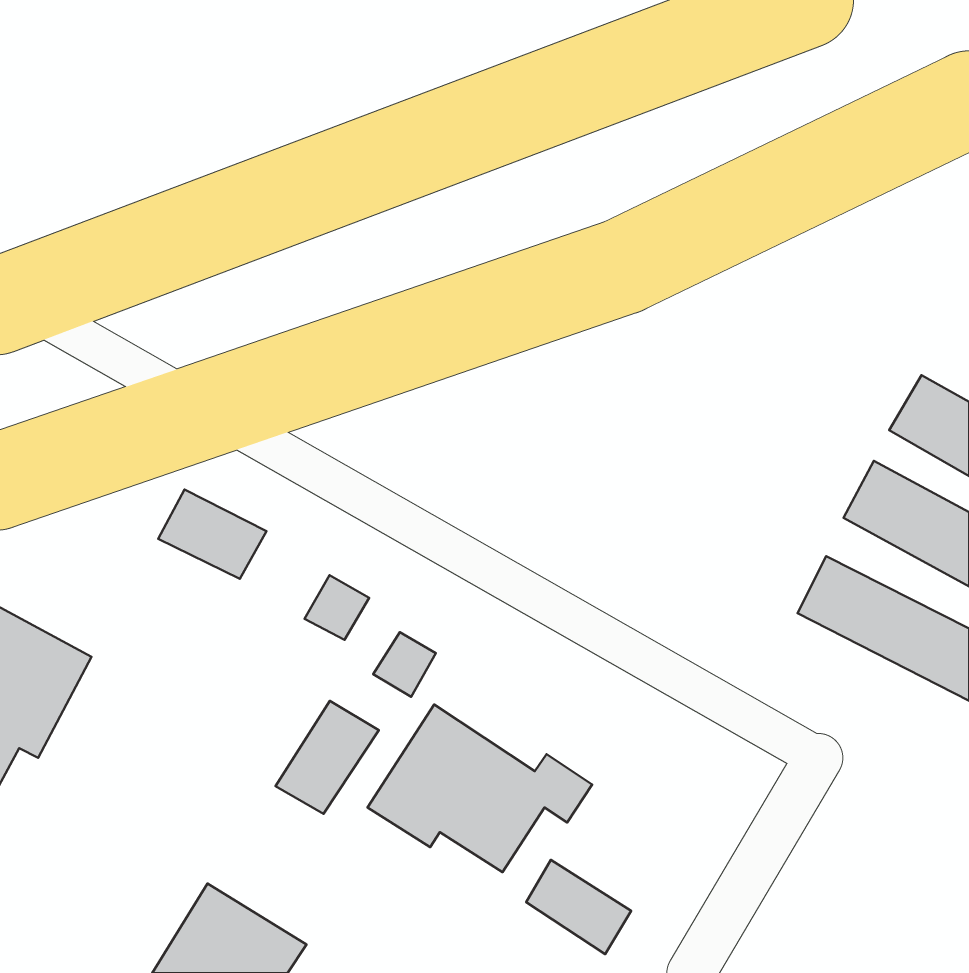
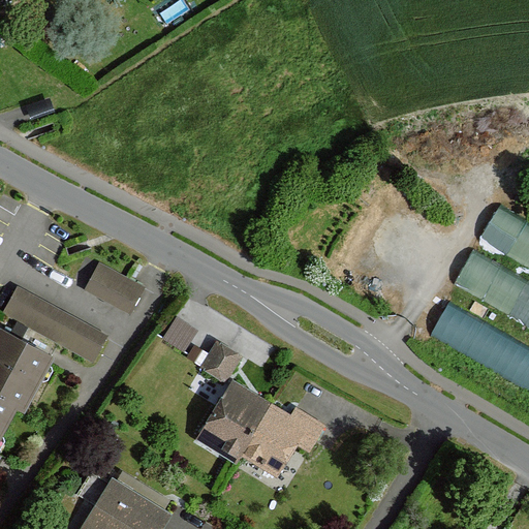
building: none -> [4,289,104,363]
building: [276,701,379,814] -> none
building: [526,860,631,954] -> none

